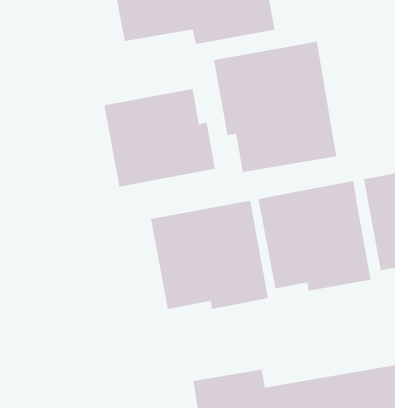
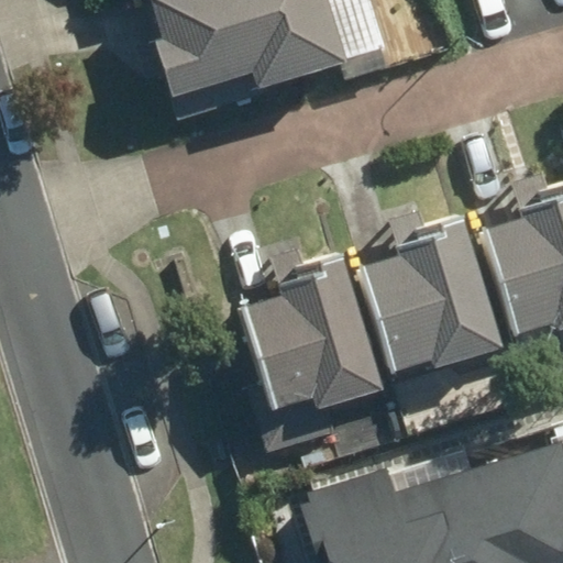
building: [213,41,337,173] -> none
building: [103,88,216,187] -> none

